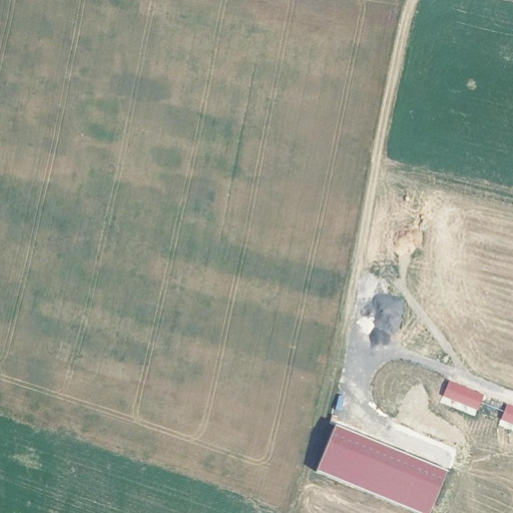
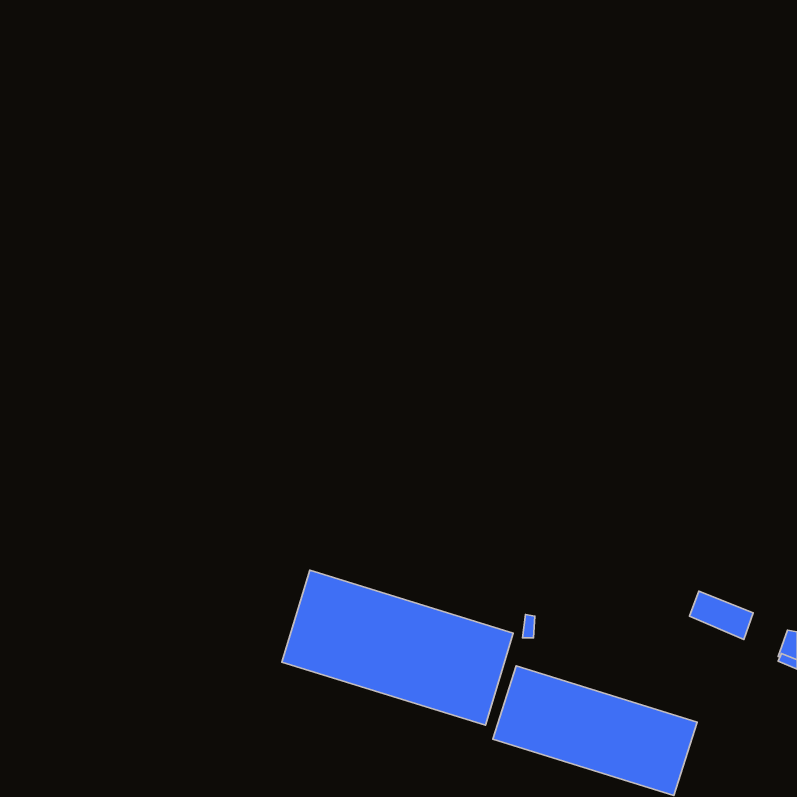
building: none -> [282,570,513,725]

